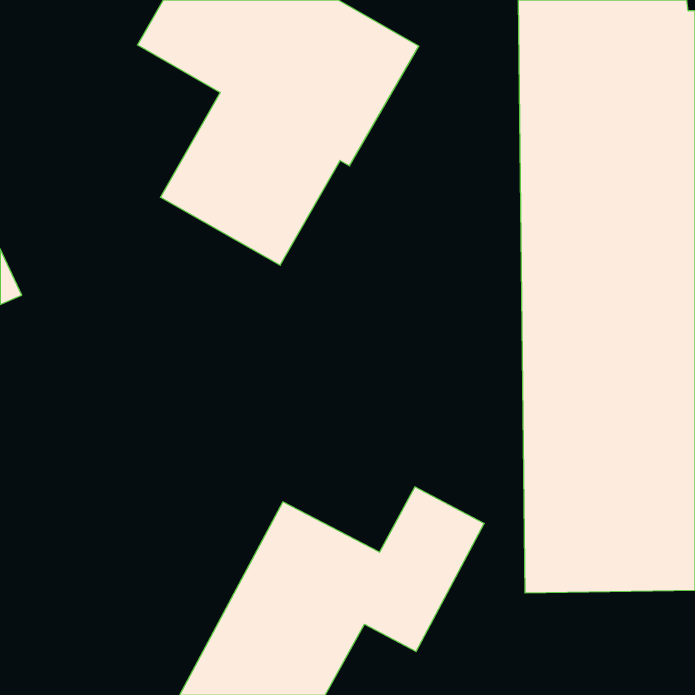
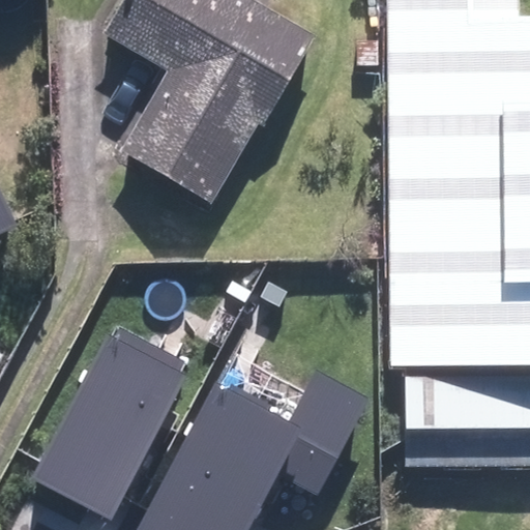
building: none -> [32,326,186,522]

